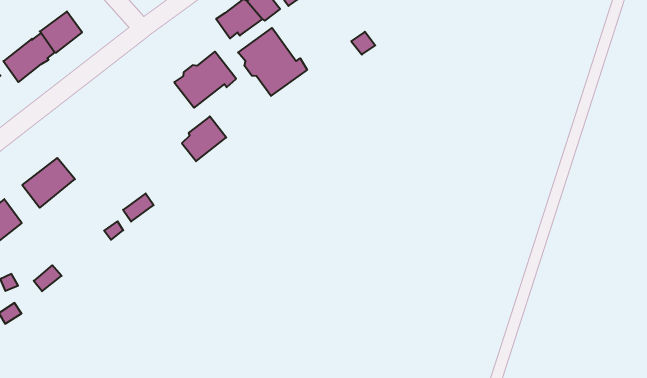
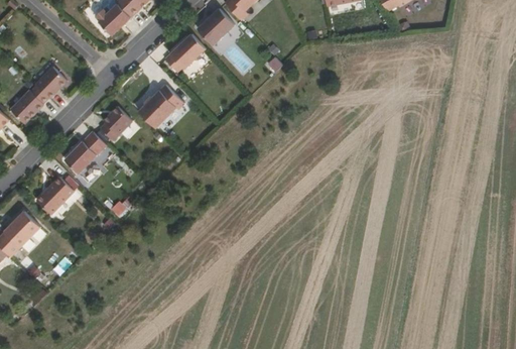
building: [238,28,307,96] -> none
building: none -> [62,130,104,171]
building: [182,116,226,161] -> [97,107,129,141]

